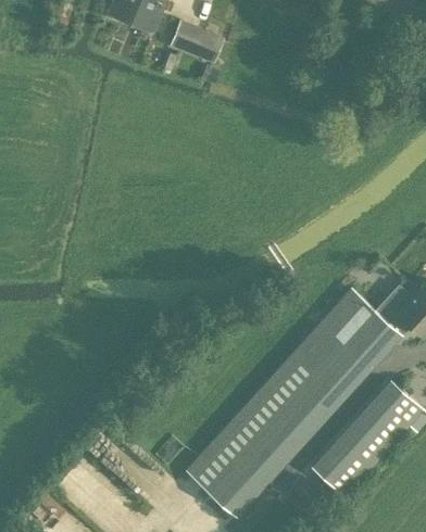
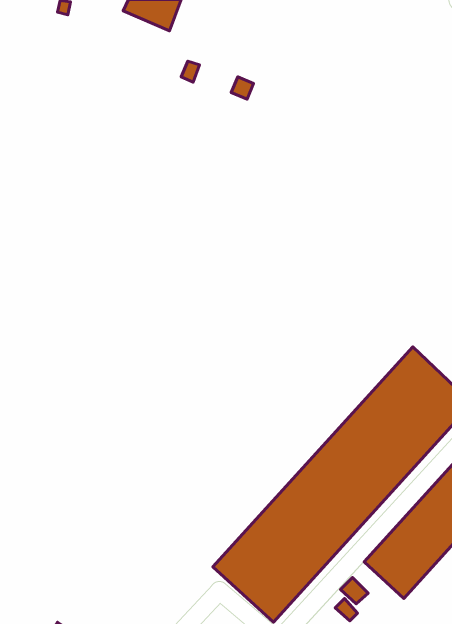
building: [170,23,218,60] -> none

